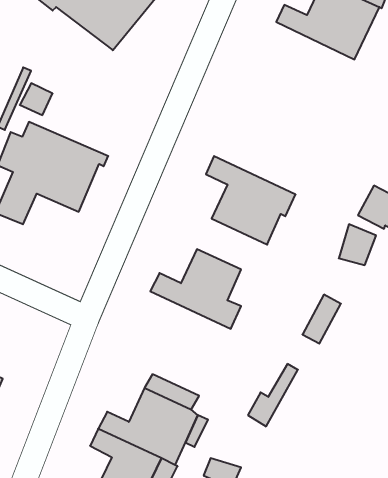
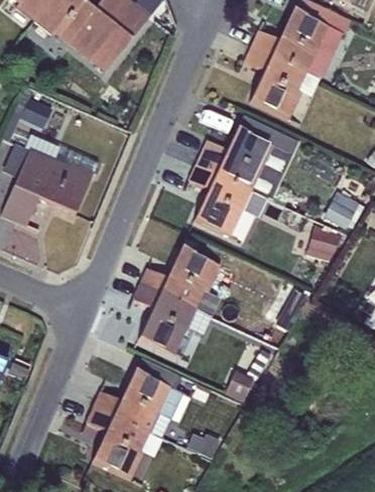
building: none -> [244,45,321,119]
building: none -> [196,115,299,200]
building: none -> [132,284,211,358]

